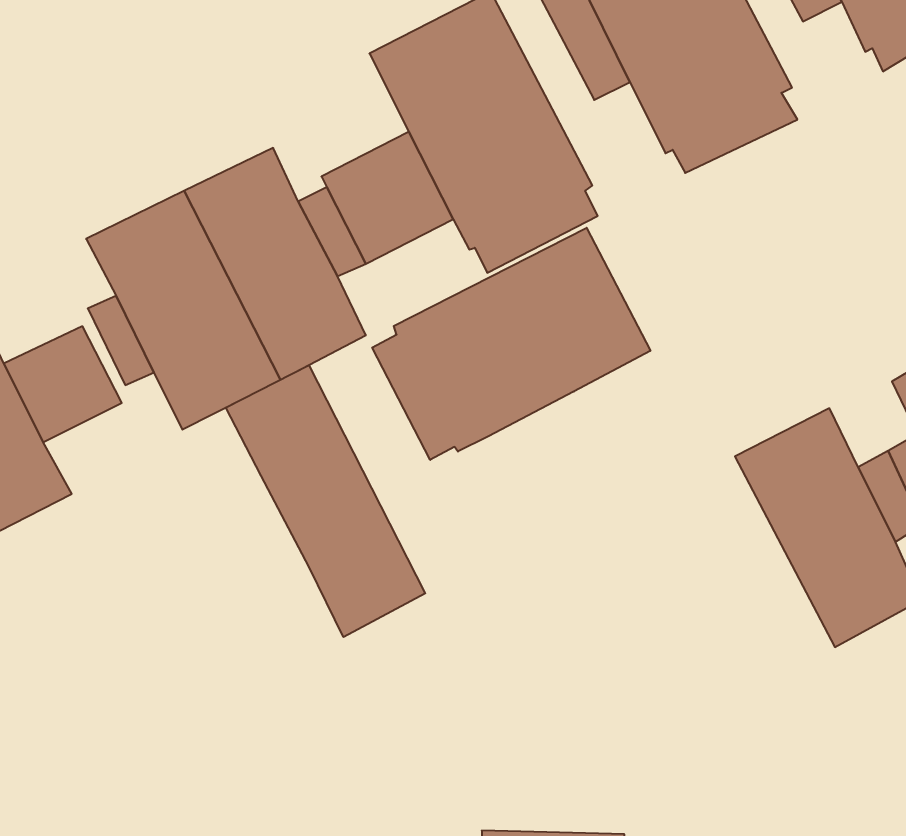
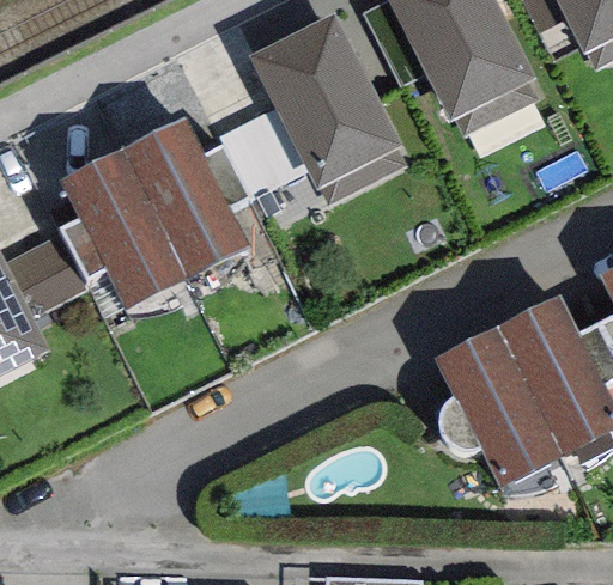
building: [372,228,650,460] -> none
building: [226,365,425,637] -> none
building: none -> [436,327,564,486]

